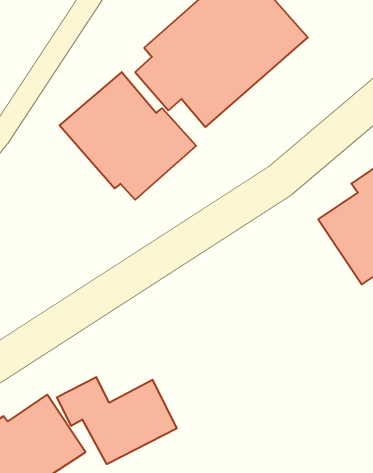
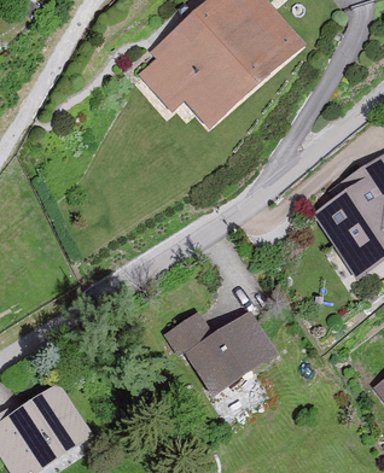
building: [60,72,196,200] -> none
building: [57,377,177,464] -> [162,310,275,392]

